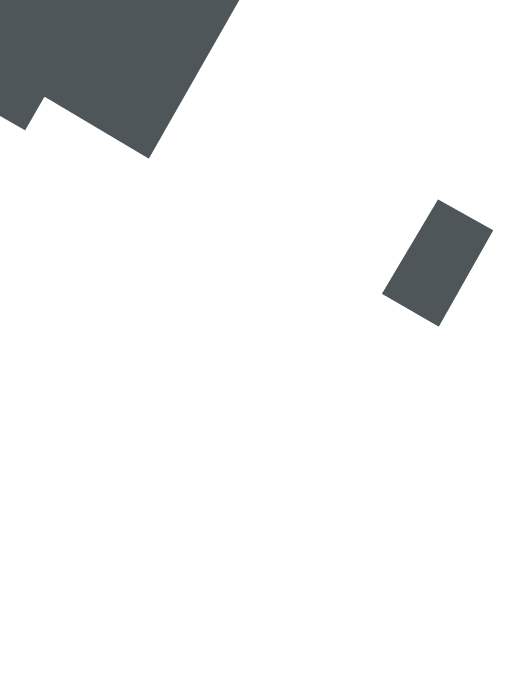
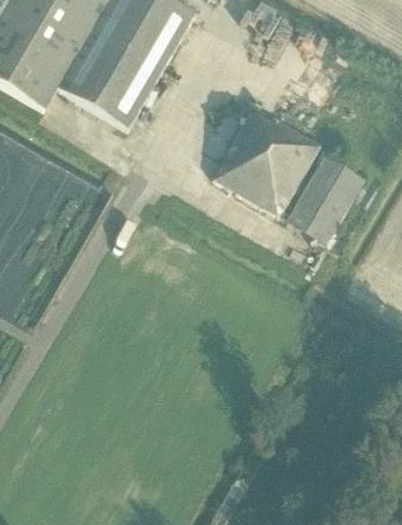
building: none -> [213,108,320,214]

